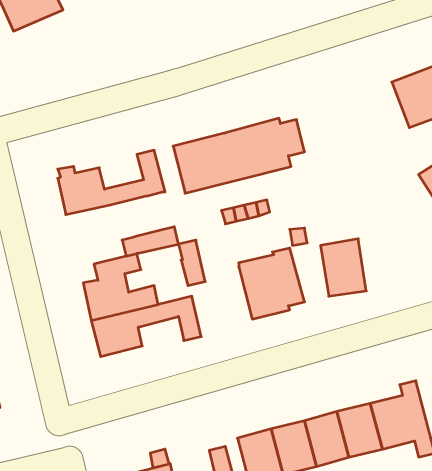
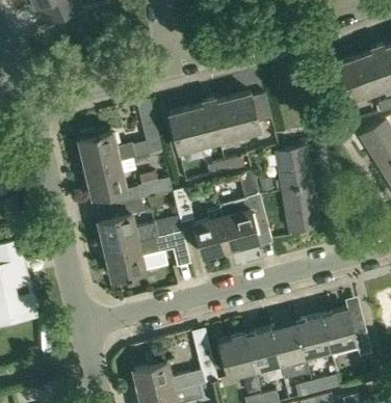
building: none -> [276,149,312,193]
building: none -> [85,162,125,198]
building: none -> [193,210,230,258]

